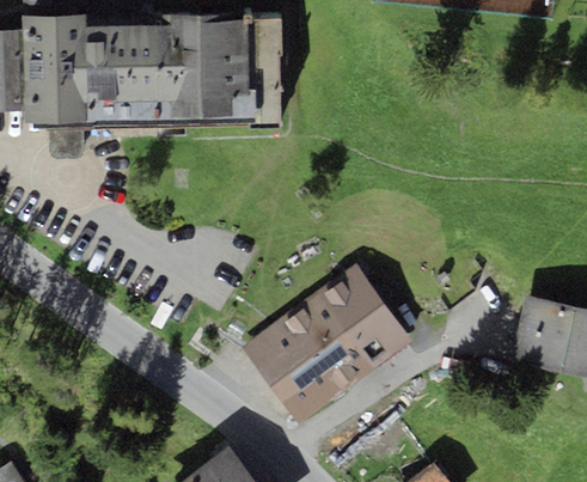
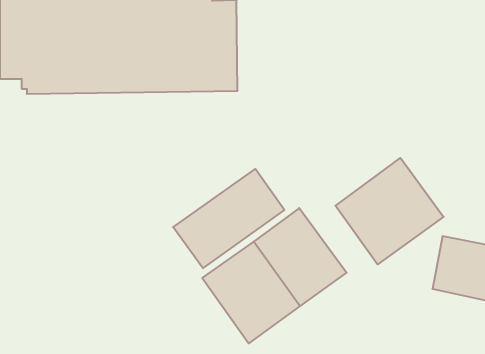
building: none -> [335,158,444,264]
building: none -> [173,169,284,268]

